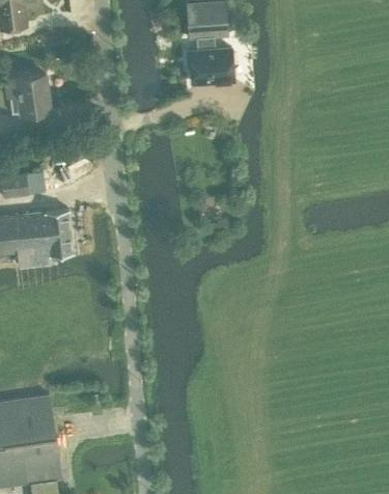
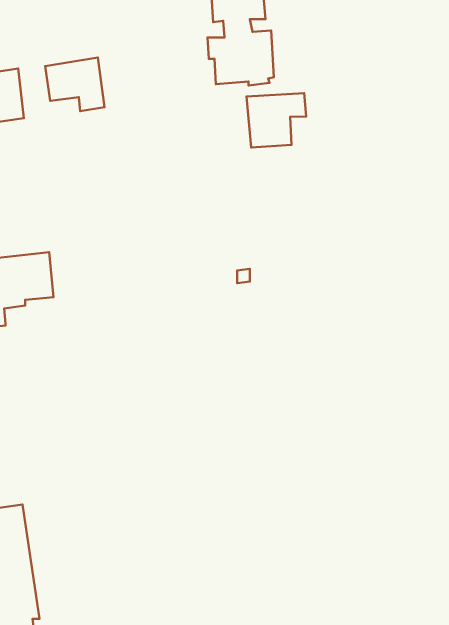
building: none -> [45,57,104,111]
building: none -> [246,93,306,148]

